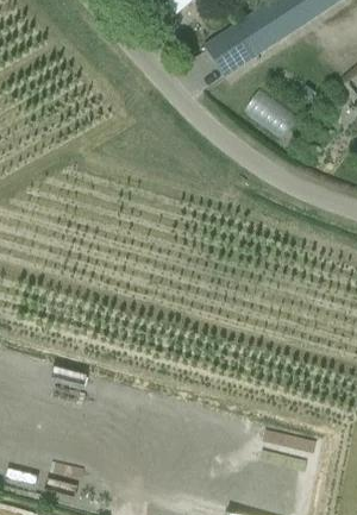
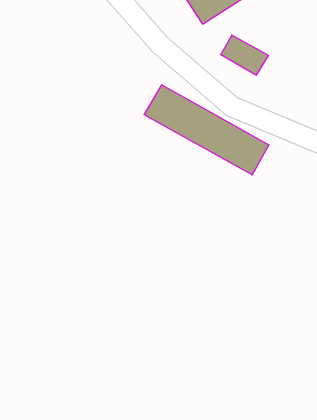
building: none -> [144,85,269,175]

